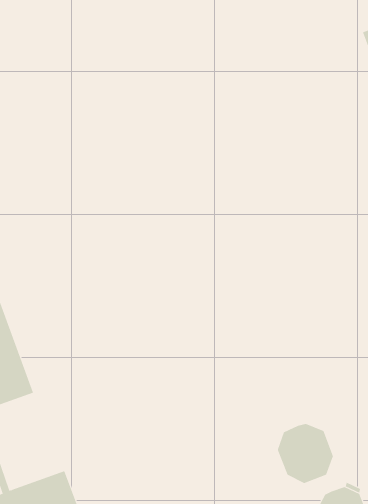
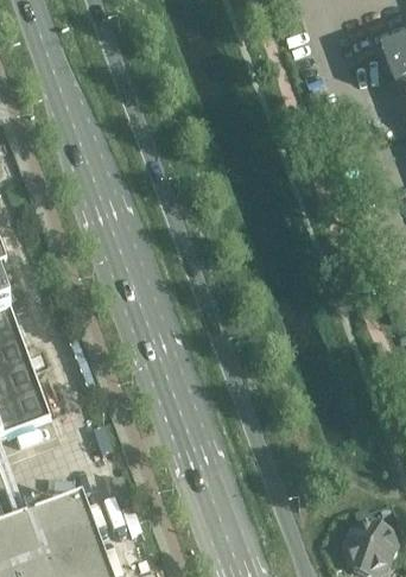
building: [277,423,334,484] -> none

